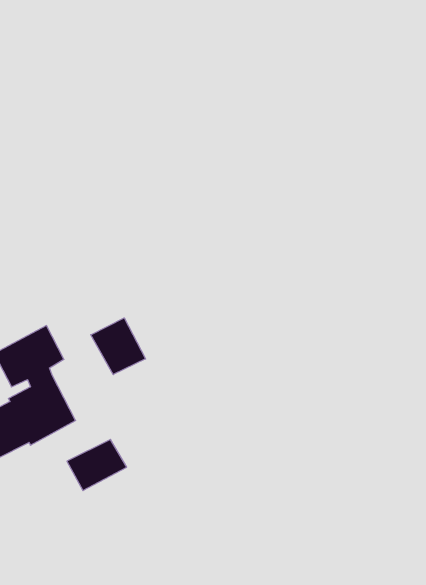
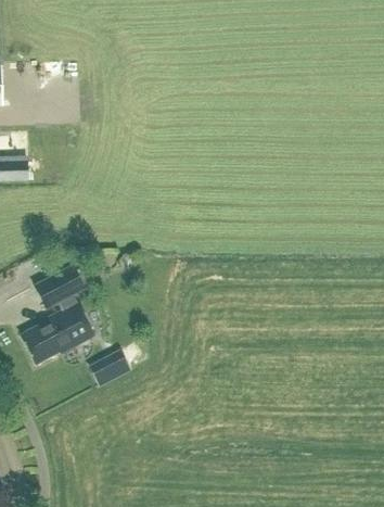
building: [91,318,146,375] -> none

